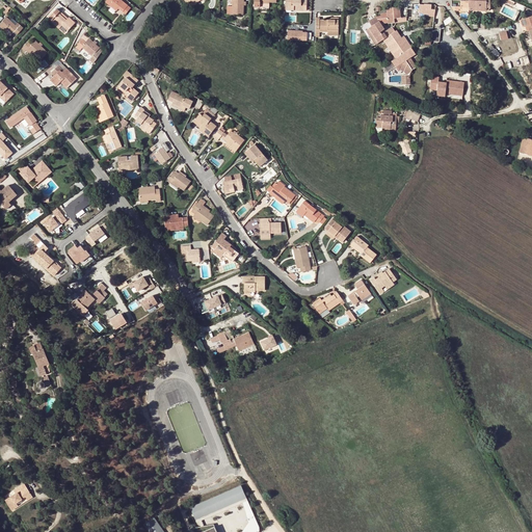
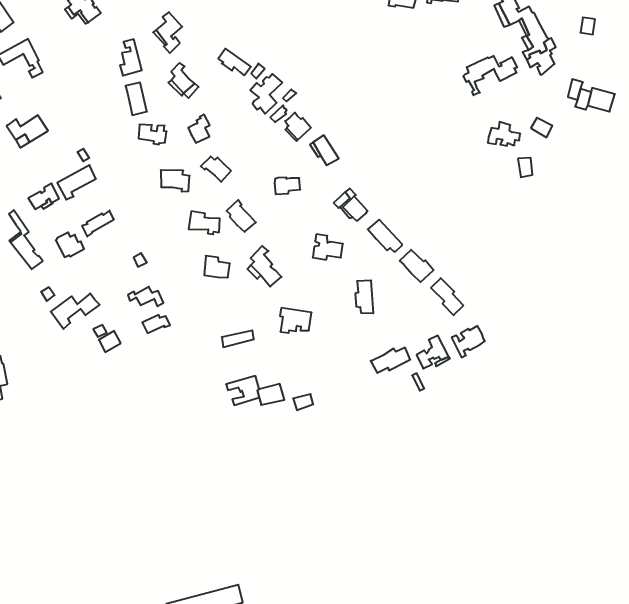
building: none -> [463,56,517,95]

